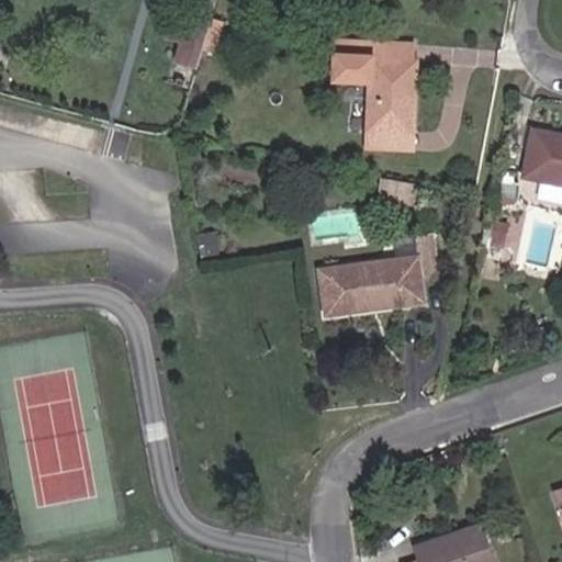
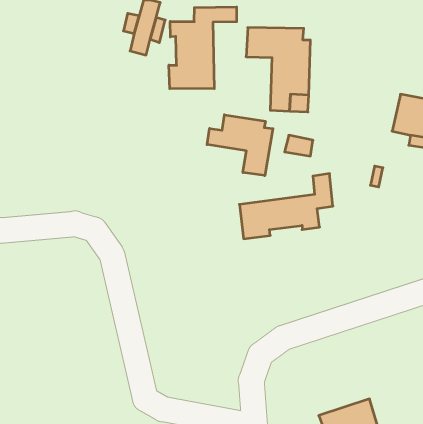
building: none -> [169,7,237,89]
building: none -> [207,115,273,176]

